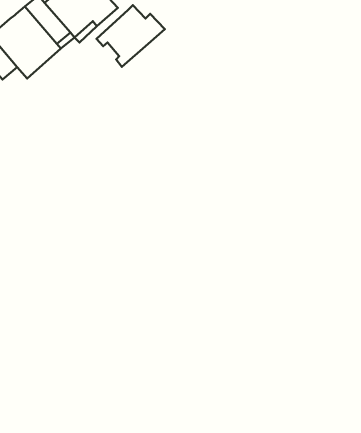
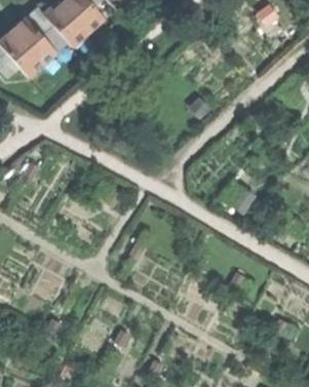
building: [96,5,165,67] -> none

